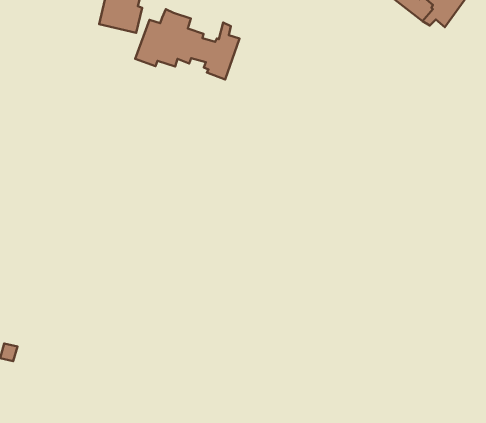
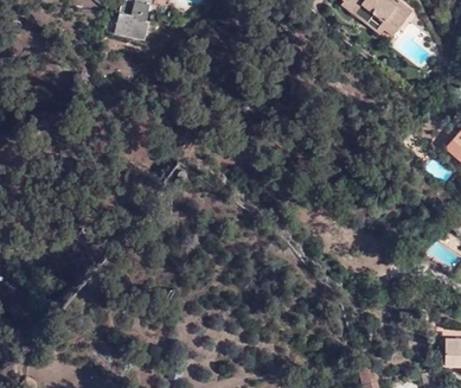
building: [135,9,240,80] -> none

